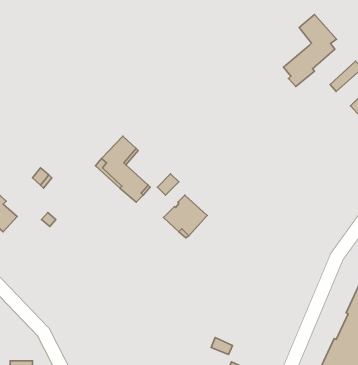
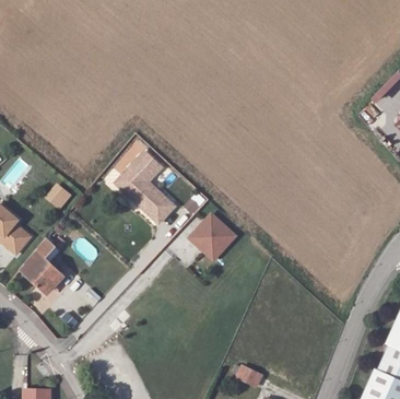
building: [283,14,336,86] -> none
building: none -> [23,239,68,293]

